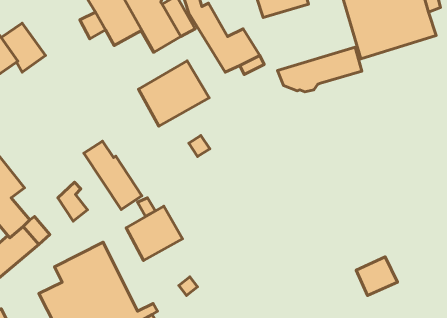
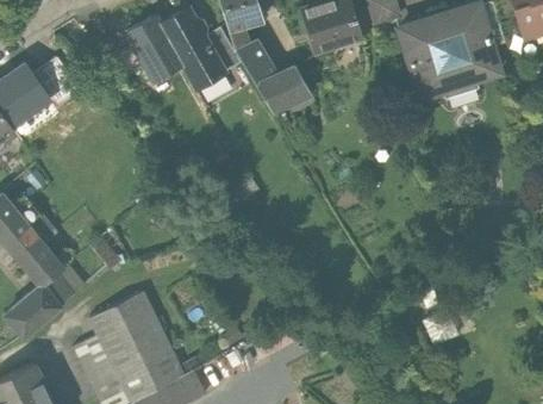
building: [278,47,362,92] -> none
building: [139,61,209,126] -> none
building: [84,141,142,210] -> none
building: [126,206,183,261] -> none

